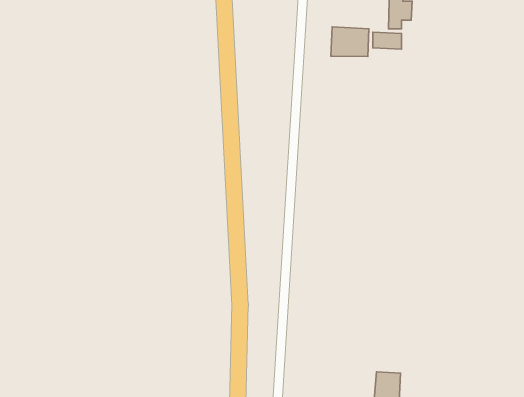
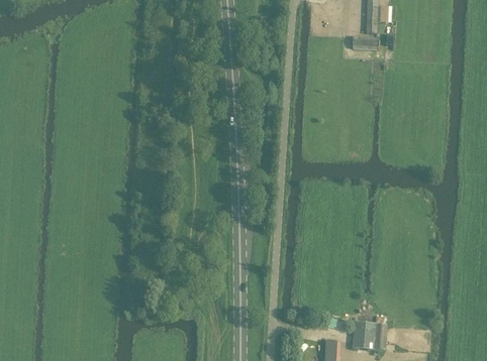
building: [331,27,369,56] -> none

